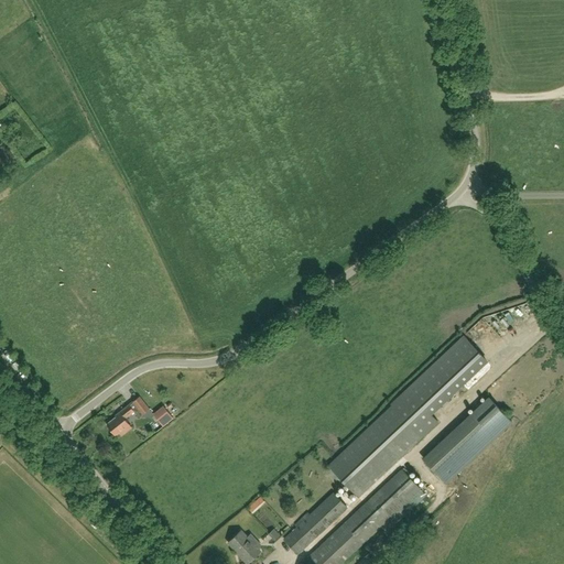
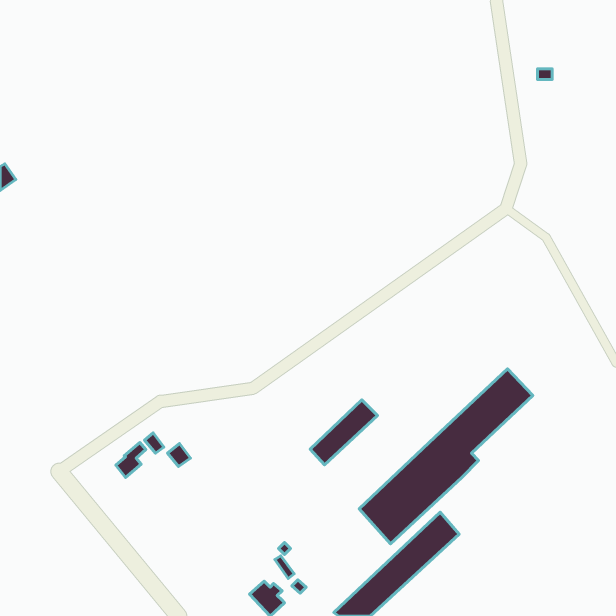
building: [422,397,512,484] -> none
building: [285,492,347,552] -> [310,400,378,465]

